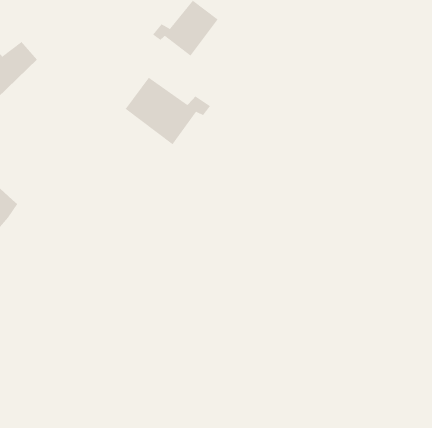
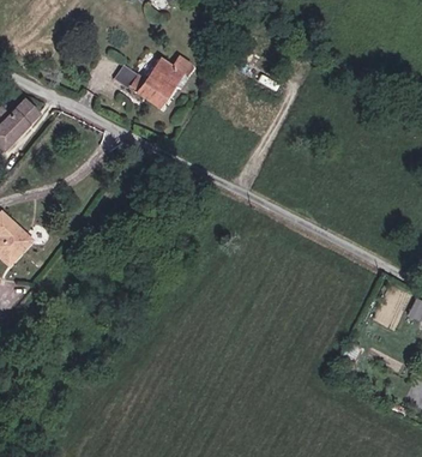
building: [125,77,211,145] -> none

